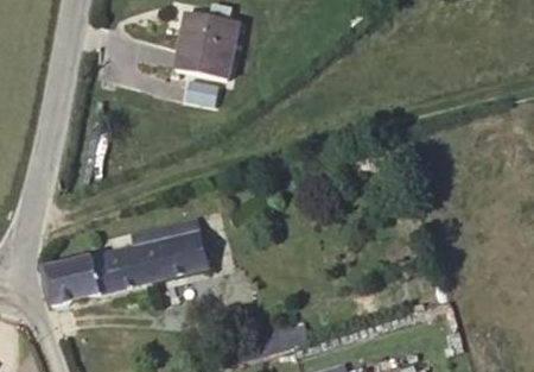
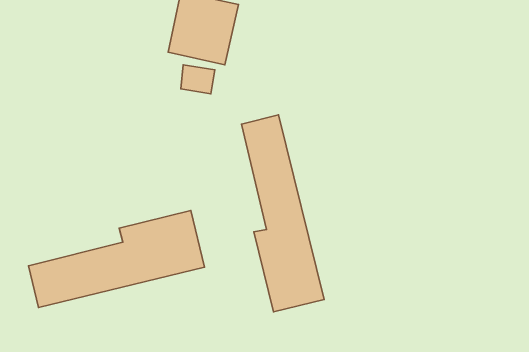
building: none -> [241,115,324,312]

